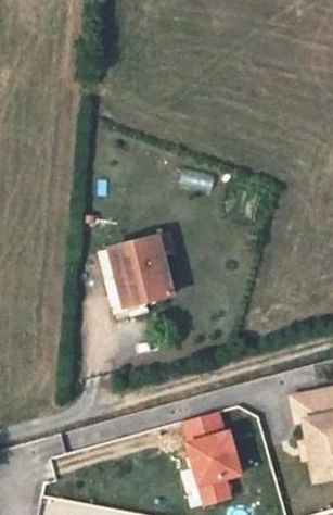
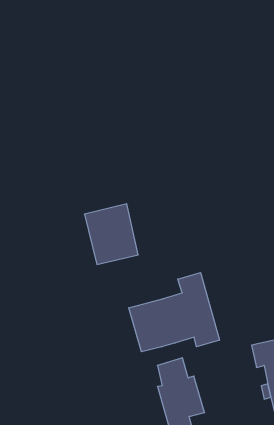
building: none -> [129,273,219,352]

